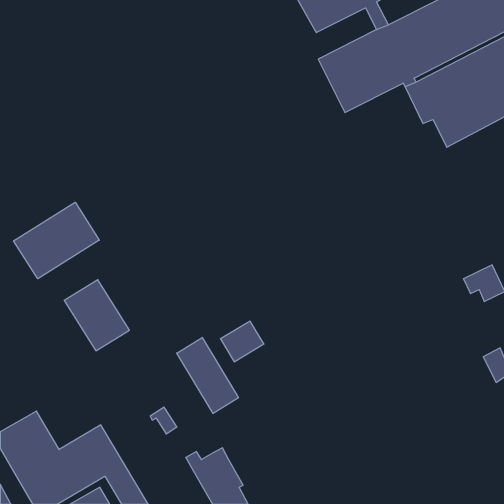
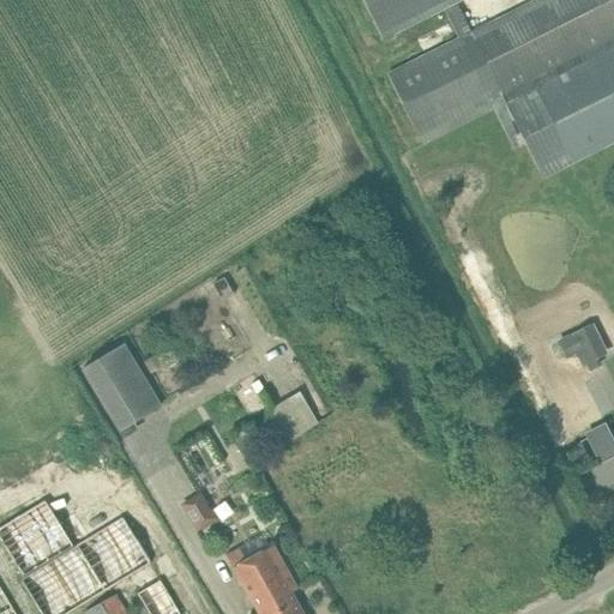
building: [14,202,99,279] -> none
building: [177,337,238,413] -> none

